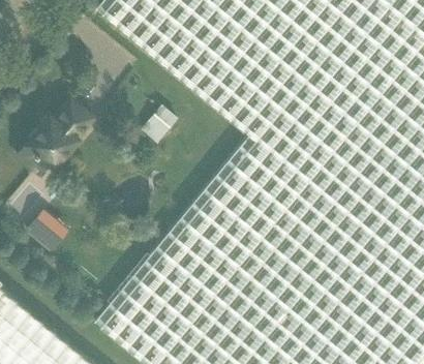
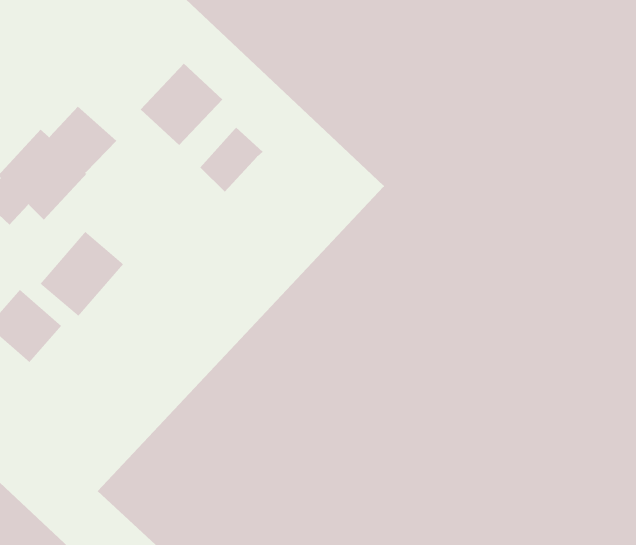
building: none -> [140,63,223,146]
building: none -> [39,231,124,317]

